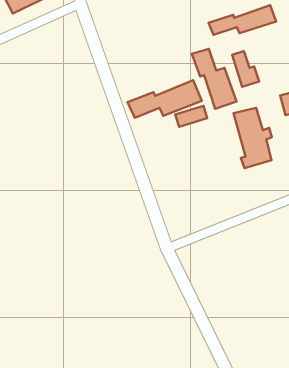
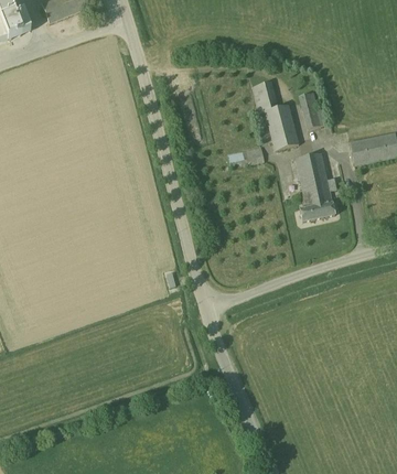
building: [208,5,276,35] -> none
building: [128,80,202,118] -> none

